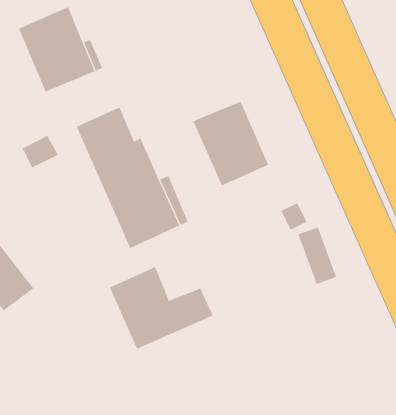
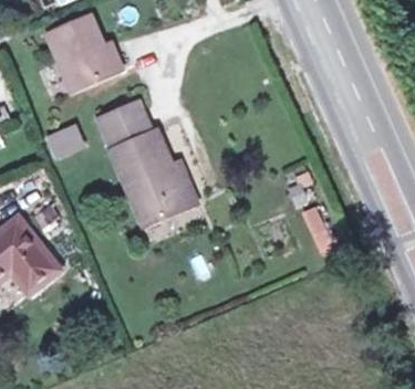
building: [193,101,269,186] -> none
building: [109,266,213,349] -> none

